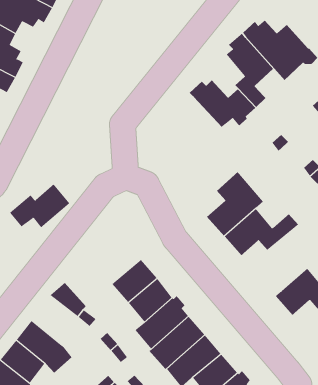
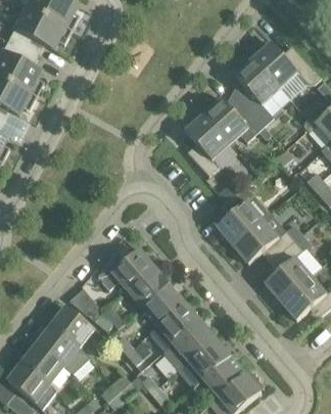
building: none -> [185,110,230,176]
building: [9,184,70,228] -> [97,248,154,290]
building: none -> [264,234,311,302]
building: none -> [51,306,94,347]

